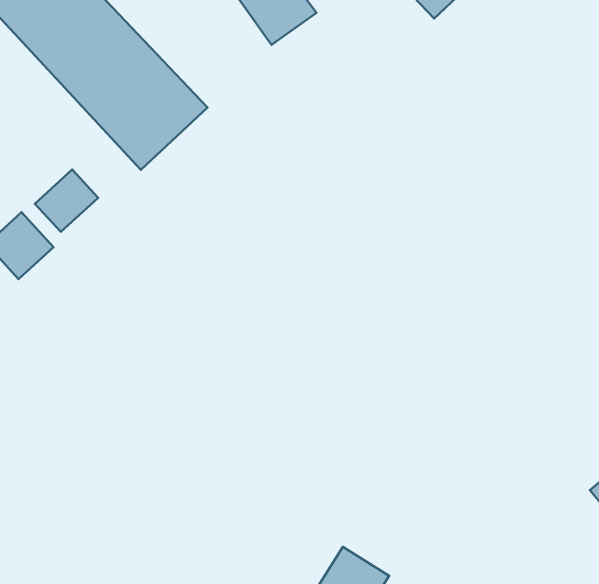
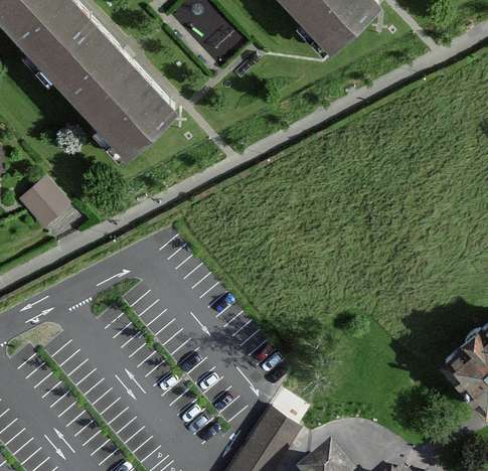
building: [35,169,98,232] -> none

